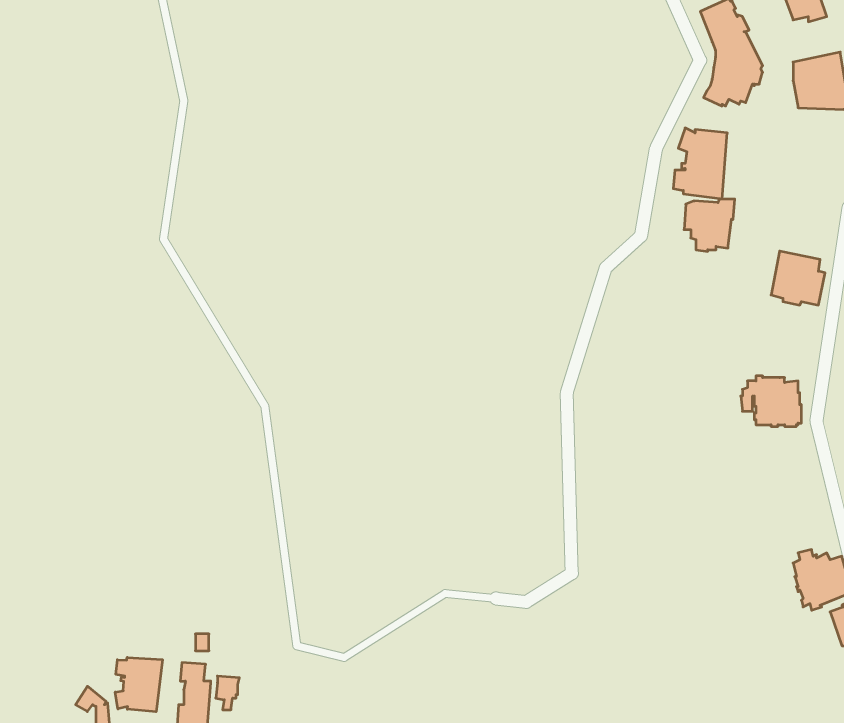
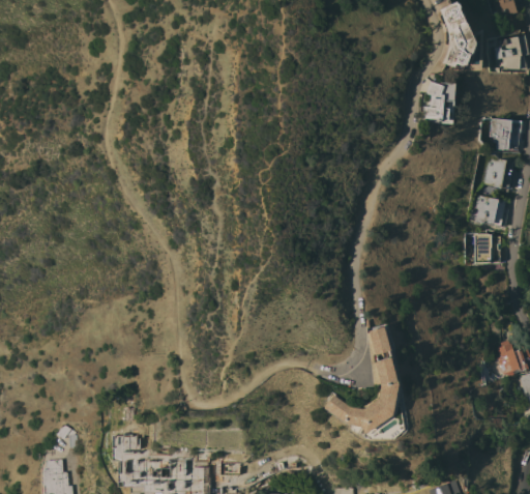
building: [684,199,735,251] -> [489,118,520,150]
building: none -> [474,195,507,228]
building: none -> [324,326,399,434]
building: [115,657,162,712] -> none

